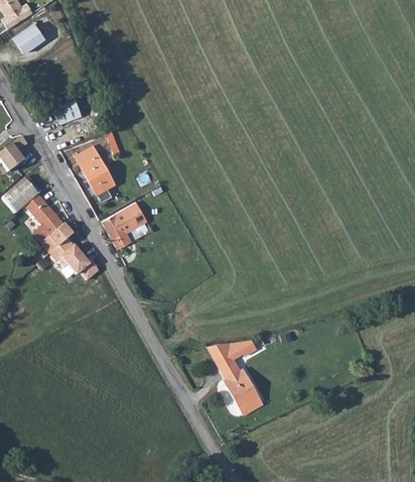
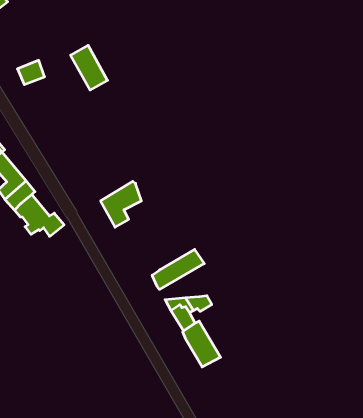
building: [77,147,115,194] -> [71,45,108,90]
building: [103,202,145,249] -> [101,181,141,227]
building: none -> [152,249,204,289]

